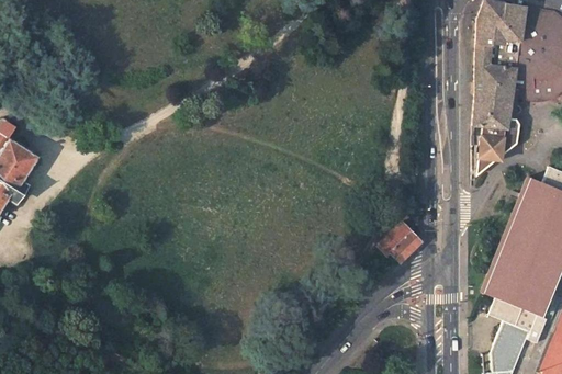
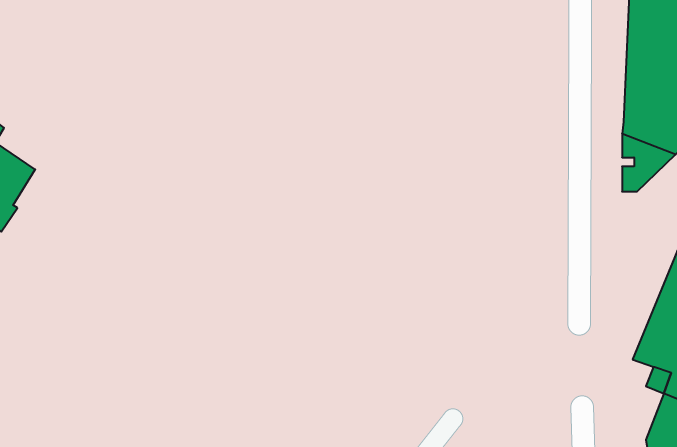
building: [379,222,417,259] -> none

